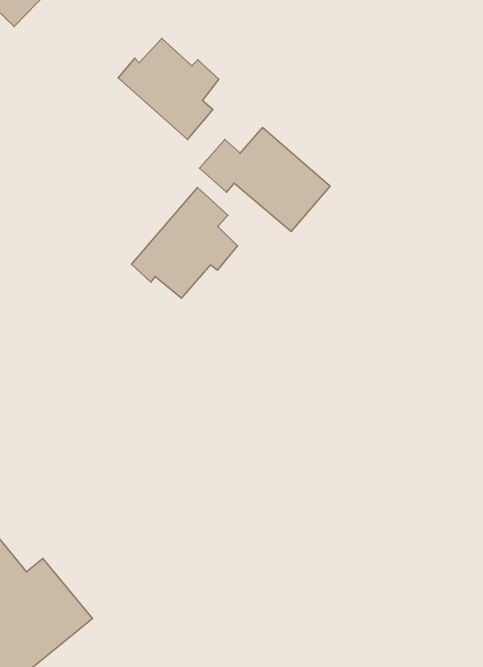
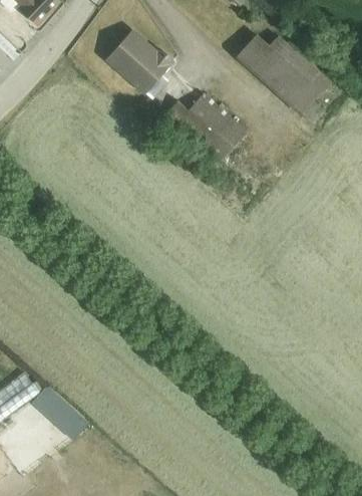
building: none -> [234,33,331,123]
building: [131,188,238,298] -> none

